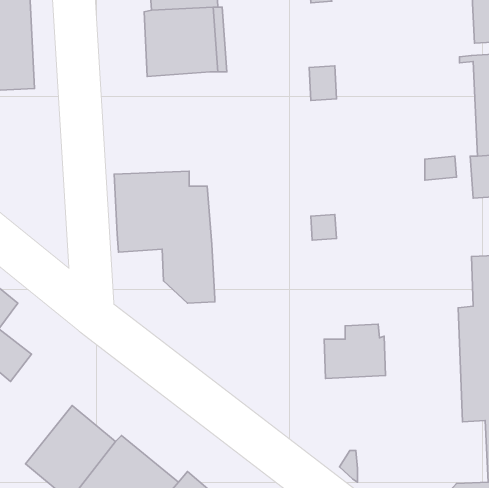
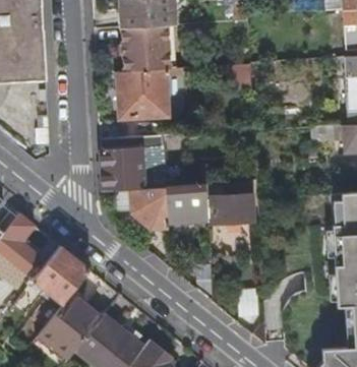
building: none -> [117,69,168,118]
building: none -> [167,184,206,223]
building: [324,324,386,378] -> [213,186,254,223]
building: none -> [35,247,91,305]

